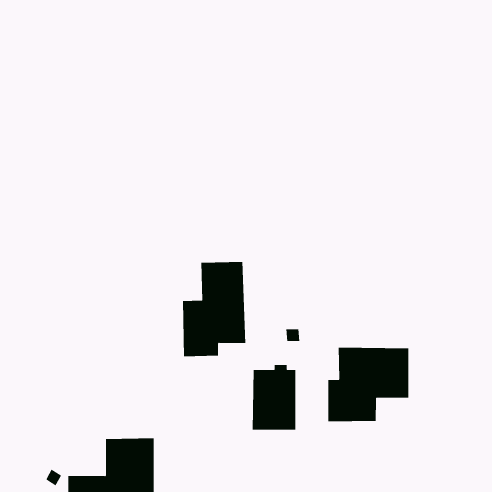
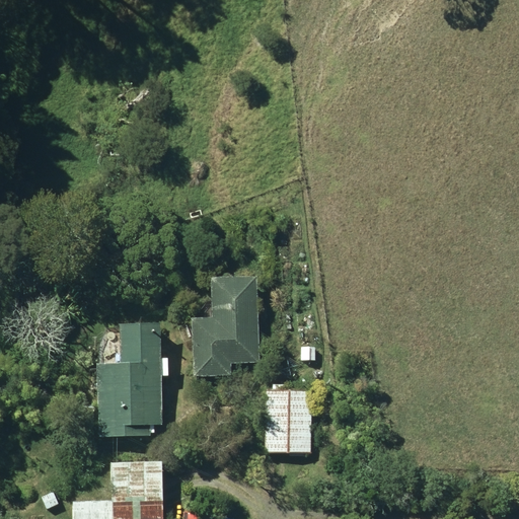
building: none -> [96,323,168,437]
building: [328,347,409,422] -> none

